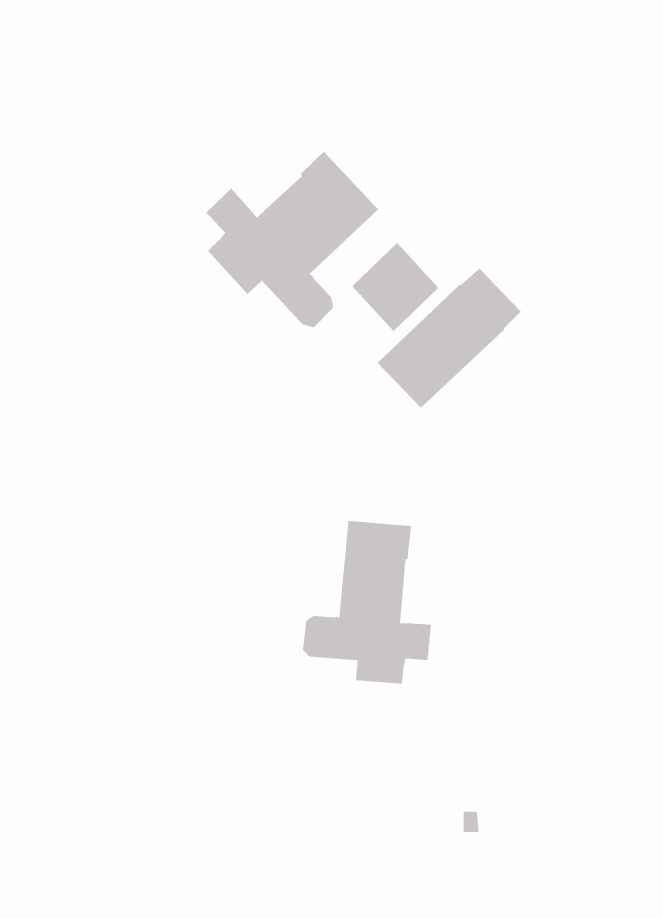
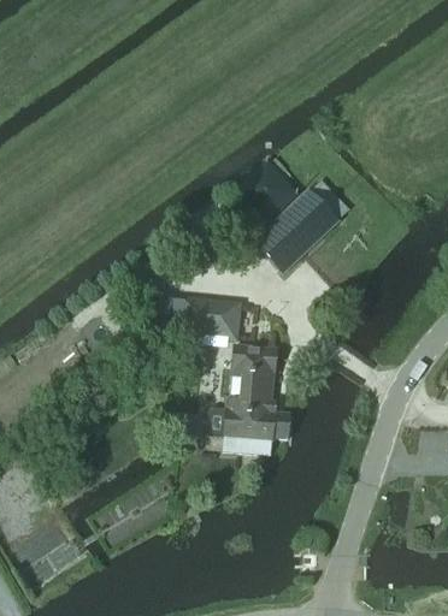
building: [205,151,379,328] -> none
building: none -> [179,296,238,337]

